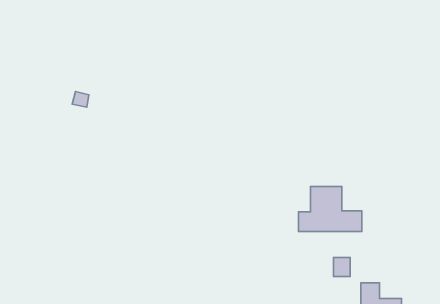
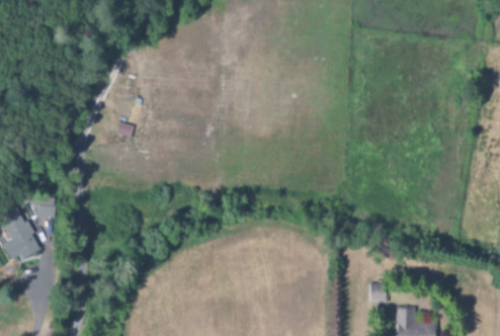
building: [298,187,362,232] -> none

